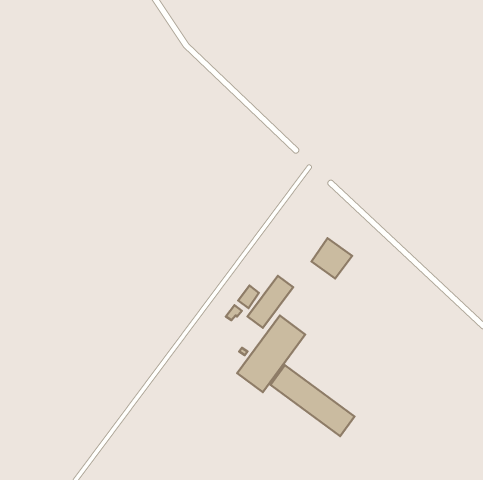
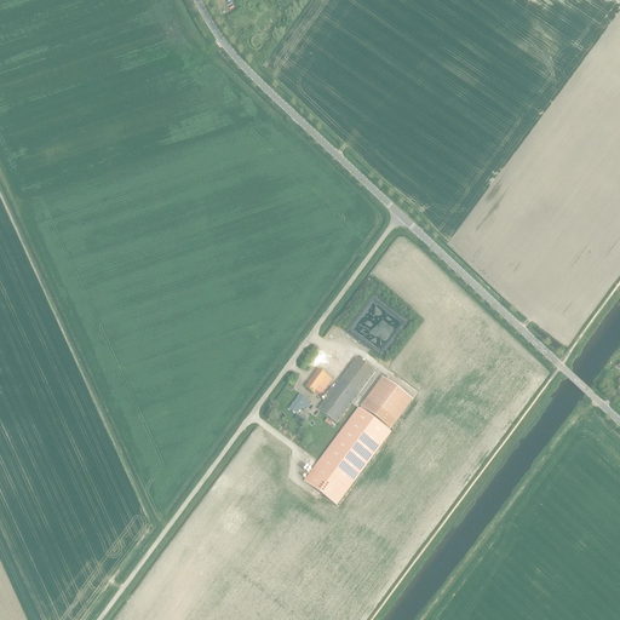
building: [312,238,352,279] -> [361,373,413,425]
building: [270,365,354,436] -> none

